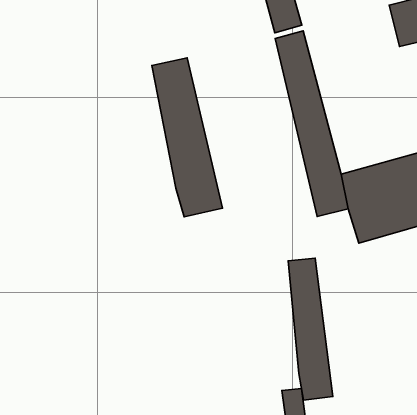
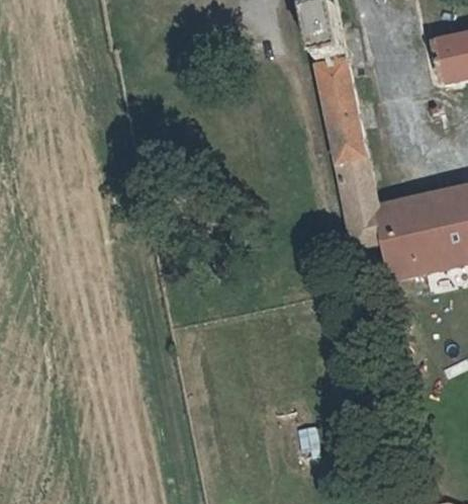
building: [152,58,222,217] -> none
building: [288,258,333,400] -> none

